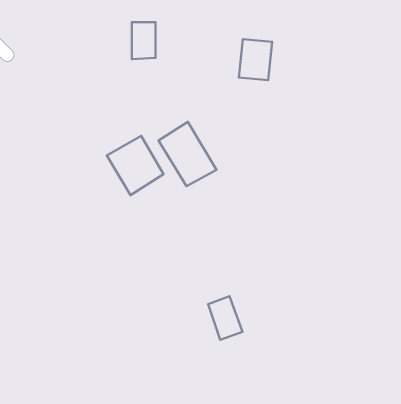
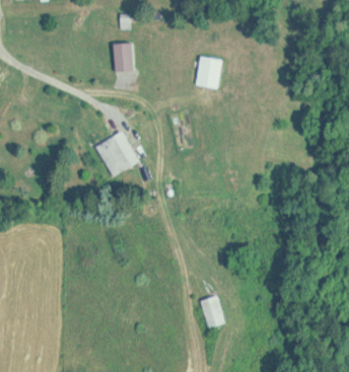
building: [159,122,217,186] -> none
building: [208,296,243,340] -> [199,294,225,327]

